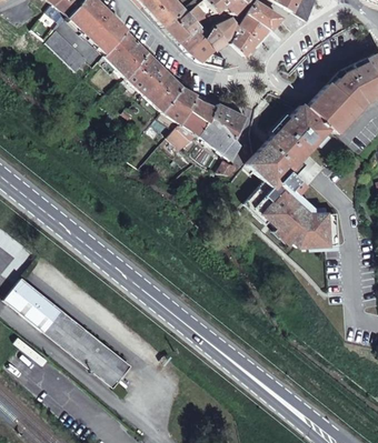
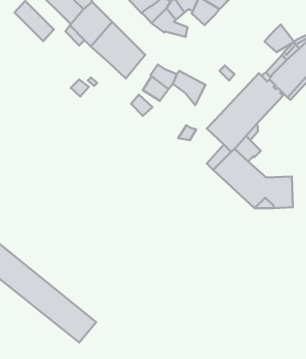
building: none -> [264,24,294,52]
building: [162,87,198,123] -> none
building: [198,117,239,160] -> none

